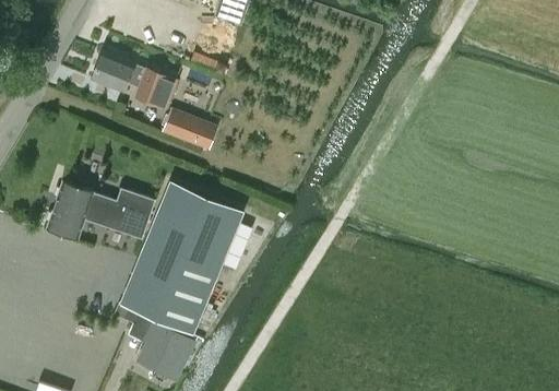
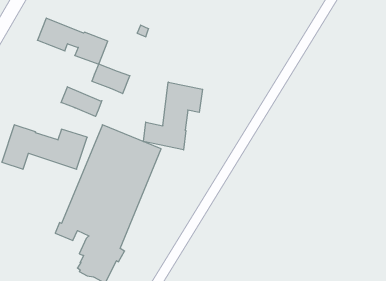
building: none -> [143,82,203,150]
building: none -> [61,87,102,116]

